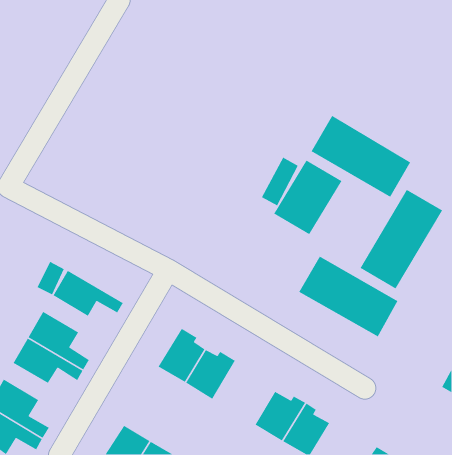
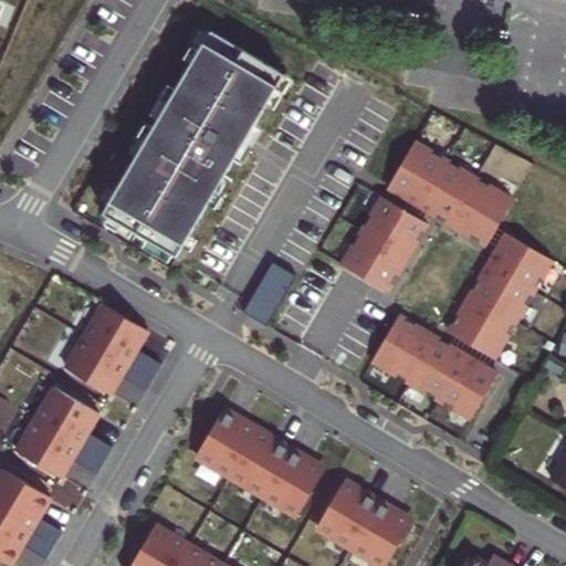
building: none -> [103,30,282,253]
building: [261,157,299,206] -> [250,260,297,322]
building: none -> [84,303,161,376]
building: none -> [264,448,323,516]

